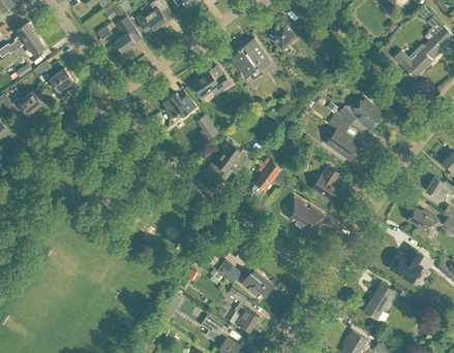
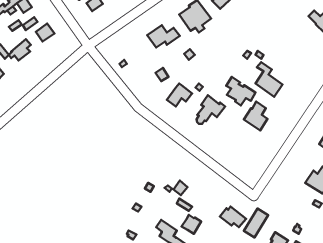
building: [162,92,196,118] -> none
building: [339,98,377,127] -> none
building: [287,195,325,231] -> [226,77,256,106]
building: [241,269,274,295] -> [220,207,246,227]
building: [364,283,395,319] -> [244,209,268,237]

